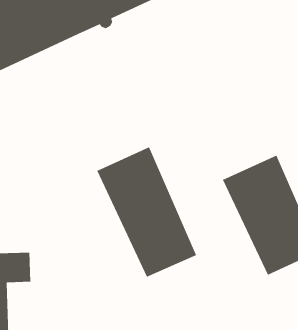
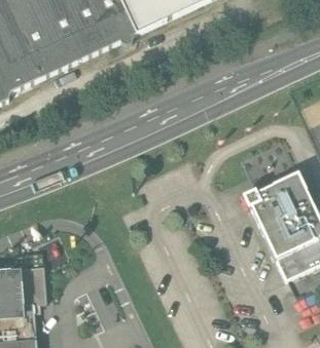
building: [96,146,197,278] -> none

